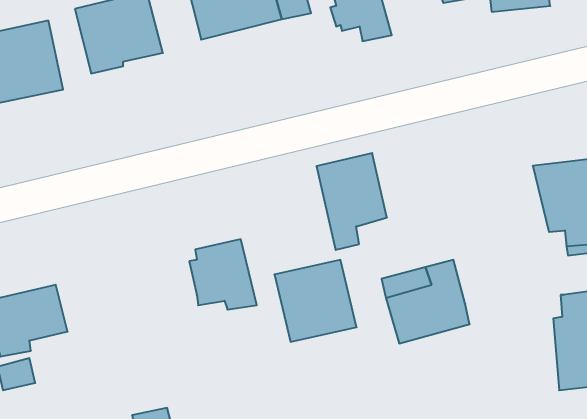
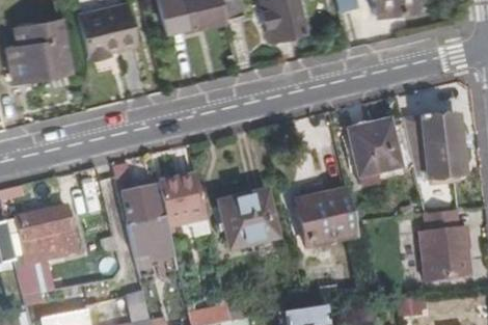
building: [316,153,387,250] -> [347,118,397,187]
building: none -> [123,187,173,259]

